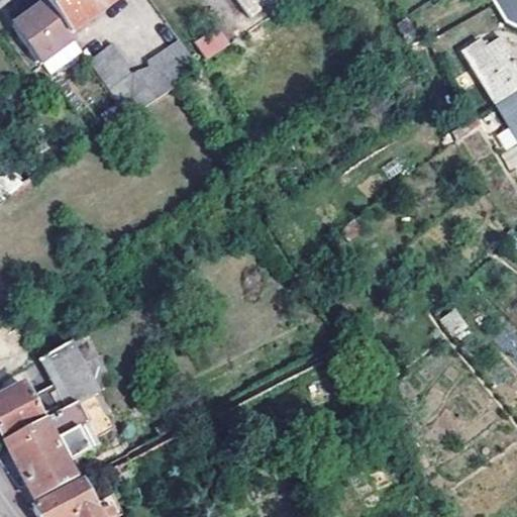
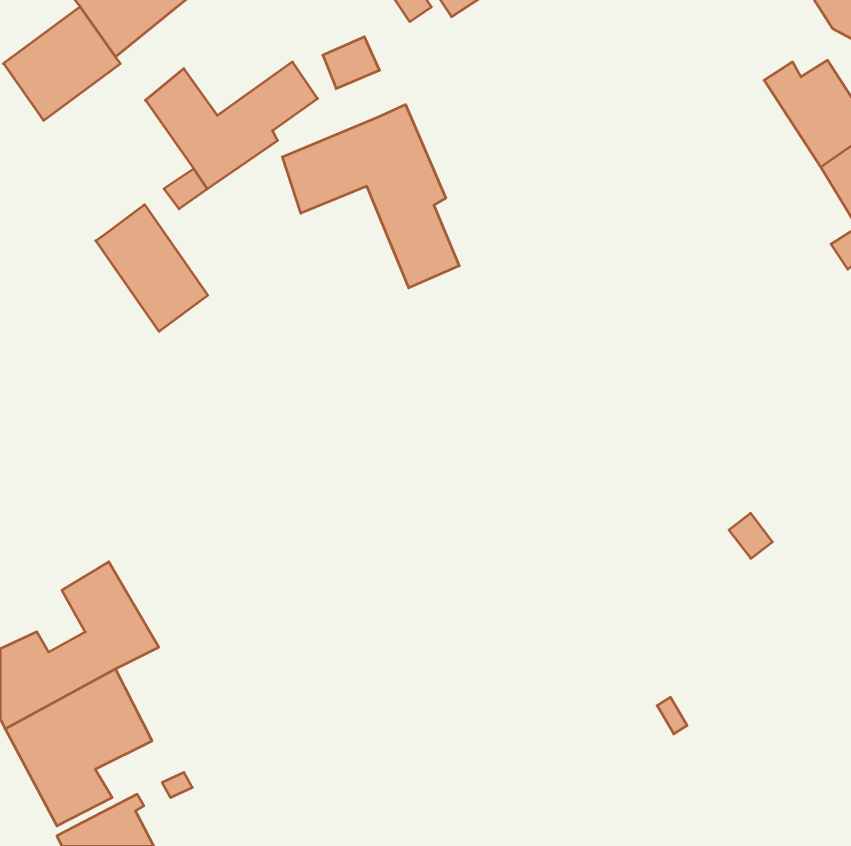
building: none -> [282,105,459,288]
building: none -> [96,205,208,331]

